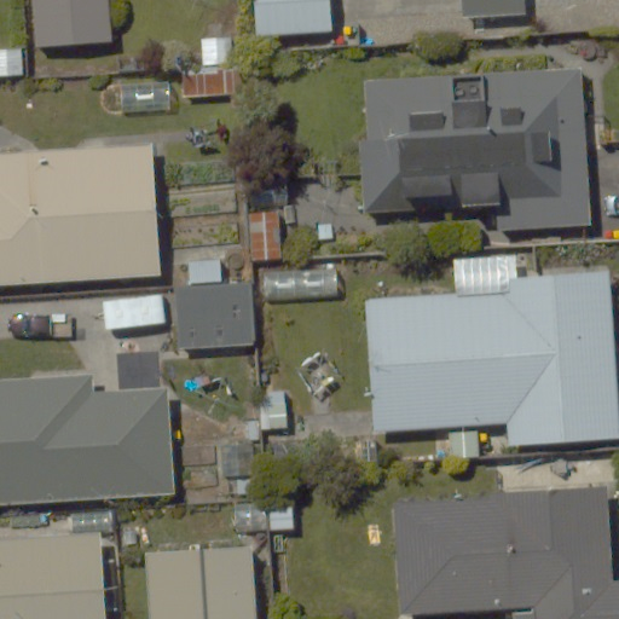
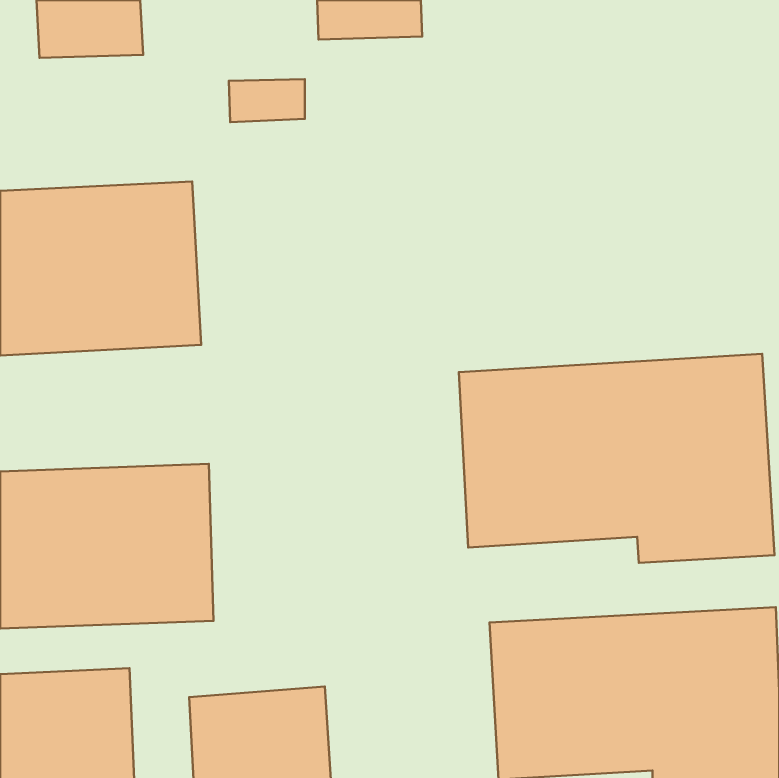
building: [361,69,585,214] -> none
building: [173,280,267,348] -> none

